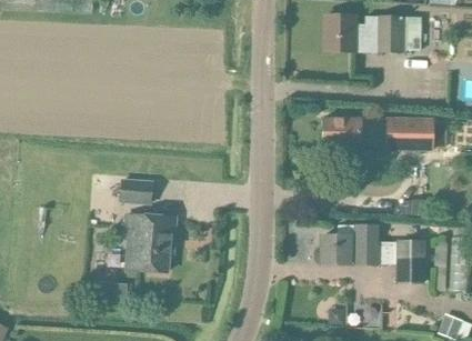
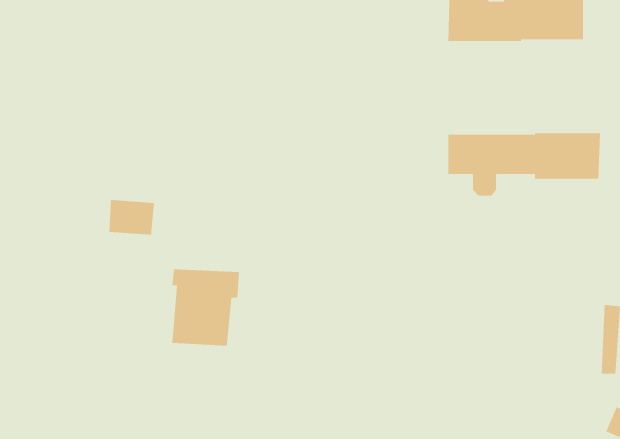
building: [119,178,152,203] -> [109,200,155,235]
building: [314,225,424,282] -> none

